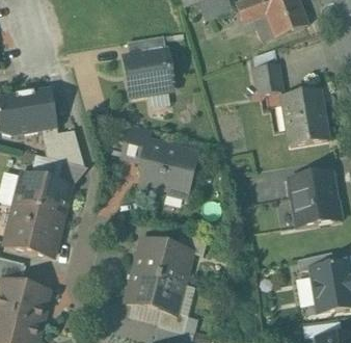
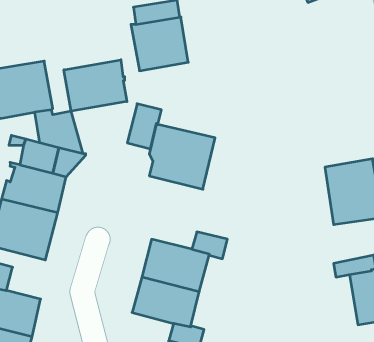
building: [254,63,281,94] -> none
building: none -> [64,60,127,111]
building: [281,88,327,144] -> none

